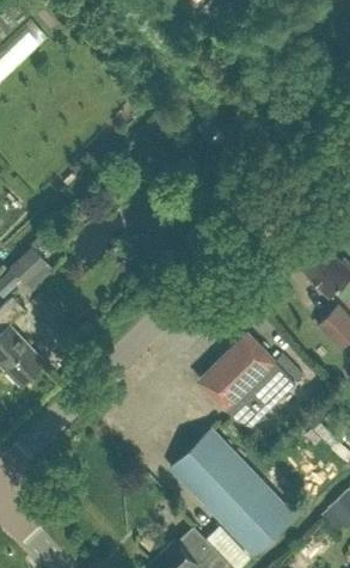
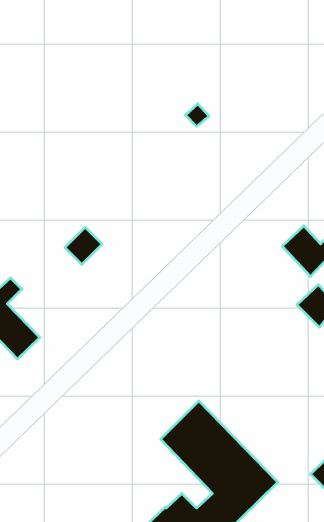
building: [7,249,47,288] -> [65,227,102,265]
building: [202,335,297,432] -> none

